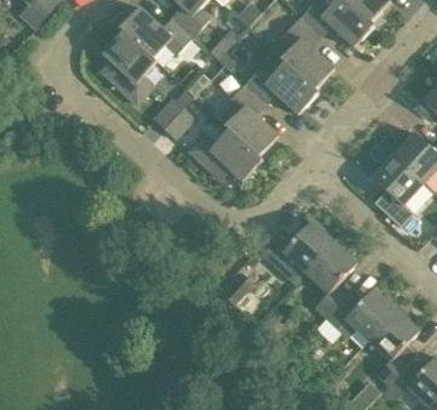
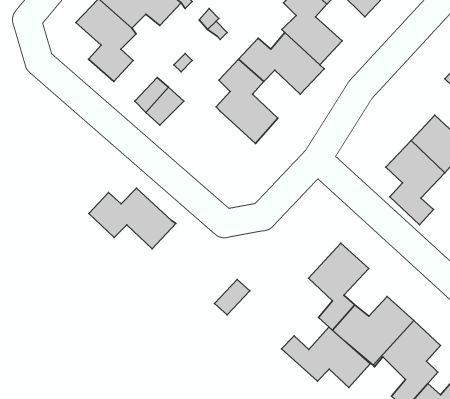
building: [187,127,262,180] -> [89,188,176,249]
building: [282,220,333,272] -> none
building: none -> [282,327,370,388]

